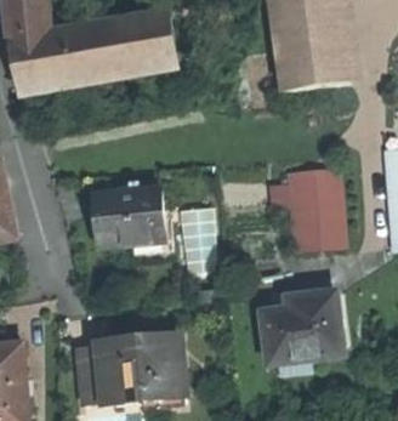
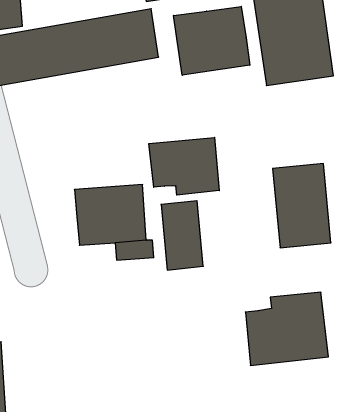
building: none -> [174,6,250,75]
building: none -> [149,137,219,195]
building: [76,334,184,404] -> none

